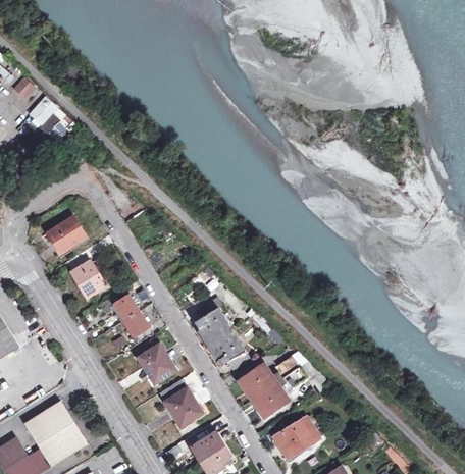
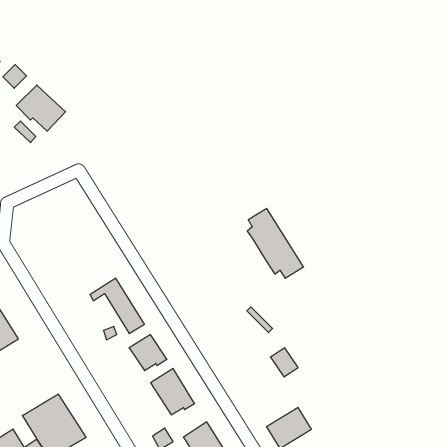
building: [46,215,84,251] -> none
building: [71,260,103,297] -> none
building: [193,300,249,369] -> [247,208,304,278]
building: [238,363,287,416] -> none

